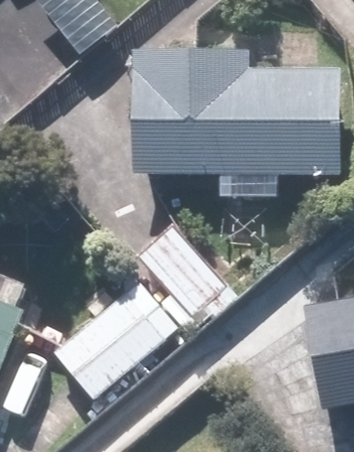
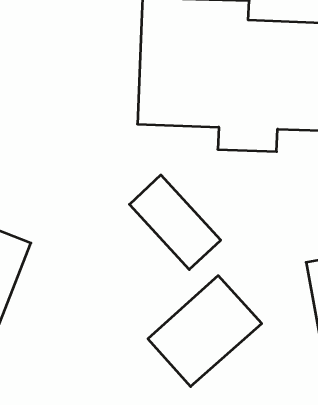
building: [54,290,166,399] -> [148,276,262,387]

